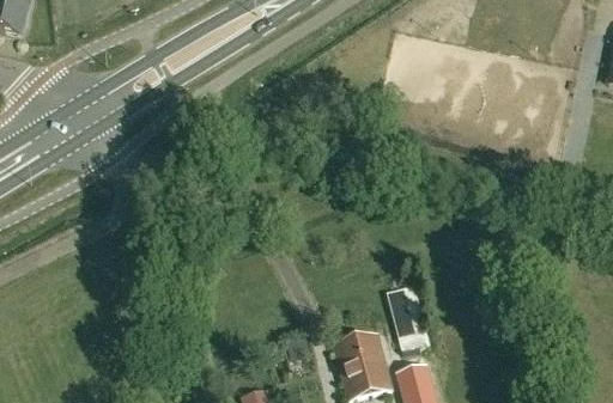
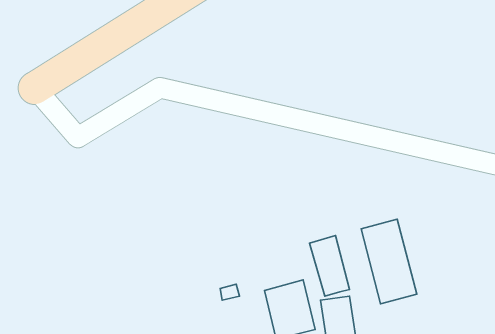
building: none -> [361,219,417,304]

